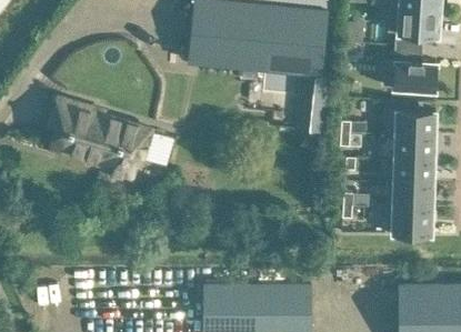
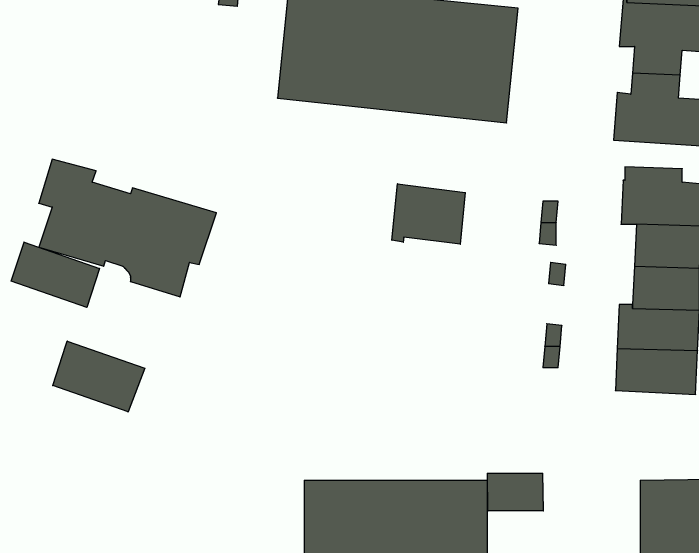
building: none -> [392,184,465,244]
building: none -> [11,242,99,307]
building: none -> [53,341,145,412]
building: none -> [487,473,543,511]

